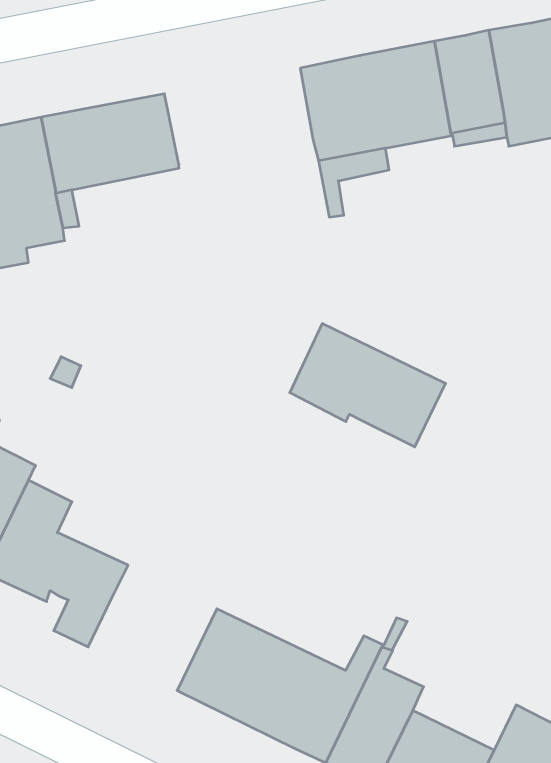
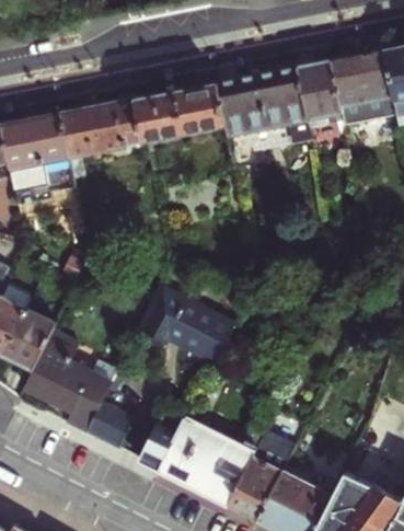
building: none -> [132,83,222,141]
building: [290,324,446,447] -> [137,287,231,361]
building: none -> [86,403,134,448]

